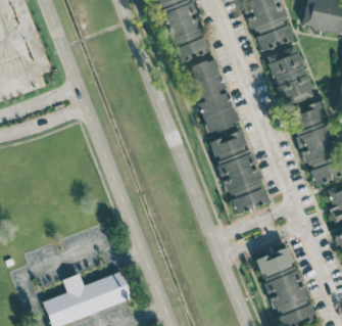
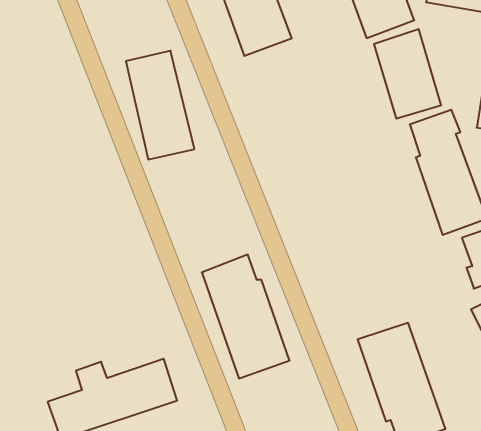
building: [188,57,235,132] -> [126,51,194,160]
building: [209,129,270,214] -> [202,255,290,378]

